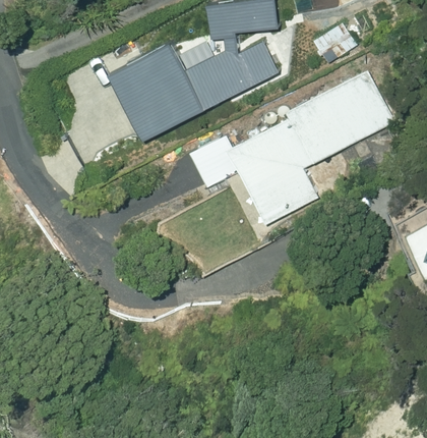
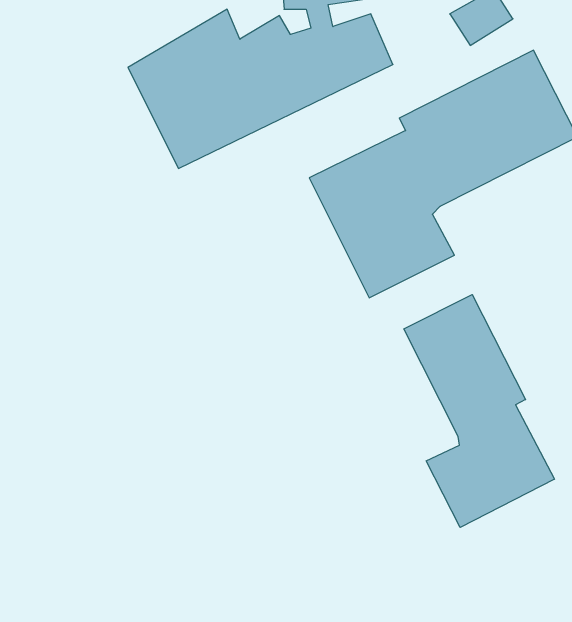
building: none -> [404,295,554,527]

